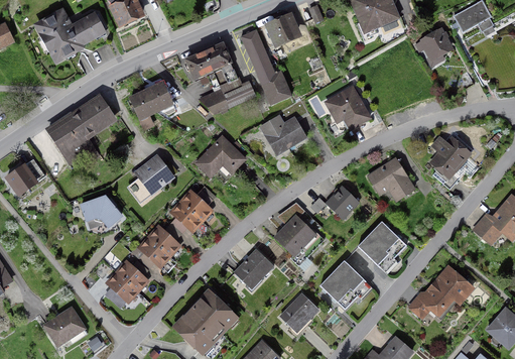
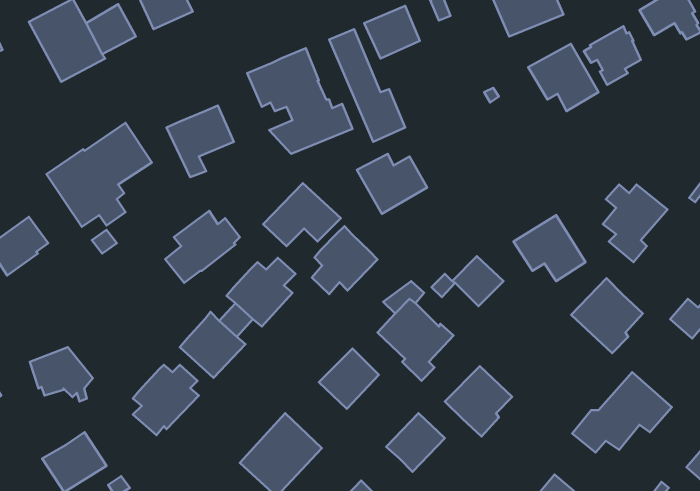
building: [324,85,372,131] -> [528,44,599,111]
building: none -> [312,226,377,294]
building: [80,195,123,232] -> [30,347,93,402]
building: [358,221,407,272] -> [571,278,643,353]

